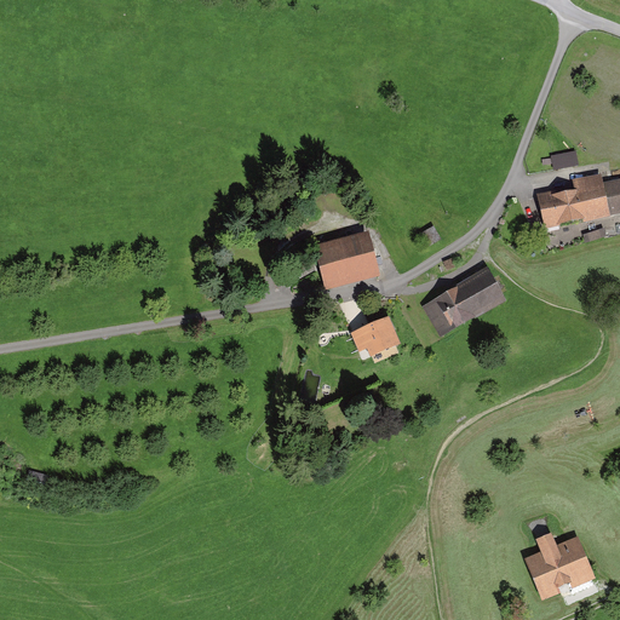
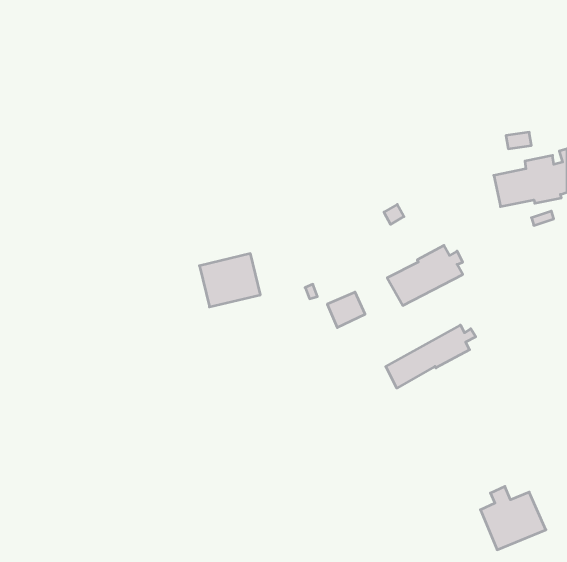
building: [311,232,378,291] -> [199,254,260,307]
building: none -> [386,325,476,388]

